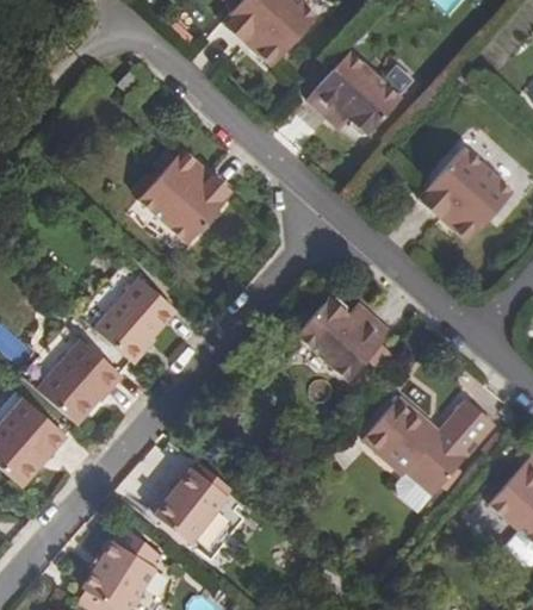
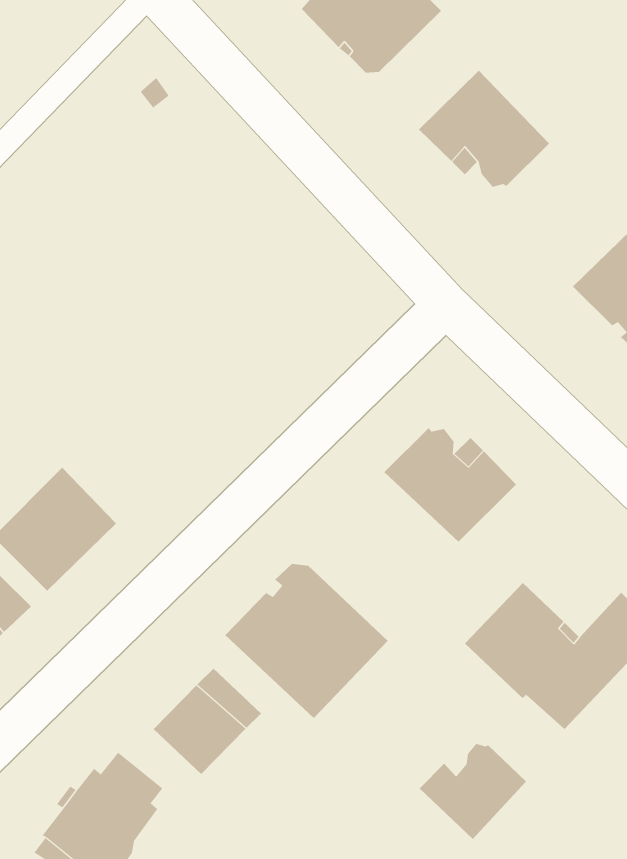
building: [138,150,231,242] -> none
building: [94,275,178,361] -> none
building: none -> [224,563,389,719]
building: none -> [419,743,527,840]

